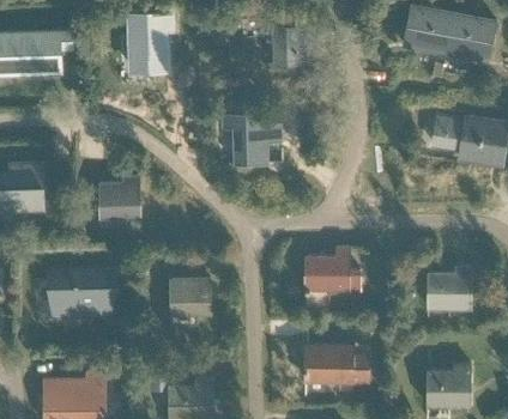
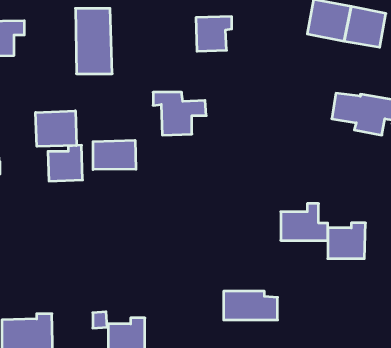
building: none -> [36,111,76,146]
building: none -> [93,140,136,170]
building: [304,248,359,291] -> [281,204,328,240]
building: [53,271,115,315] -> none
building: [169,280,210,316] -> none
building: [427,366,470,408] -> none

